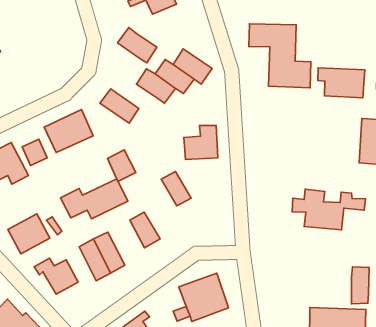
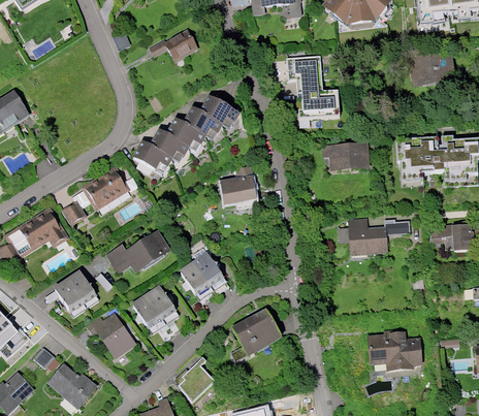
building: [118,27,157,63] -> [151,128,190,161]
building: [318,68,365,98] -> [320,142,368,172]
building: [107,150,136,181] -> none
building: [161,171,191,206] -> [190,250,222,284]
building: [352,267,369,304] -> none

